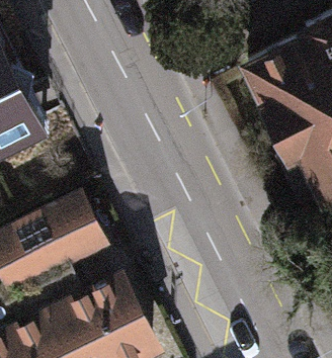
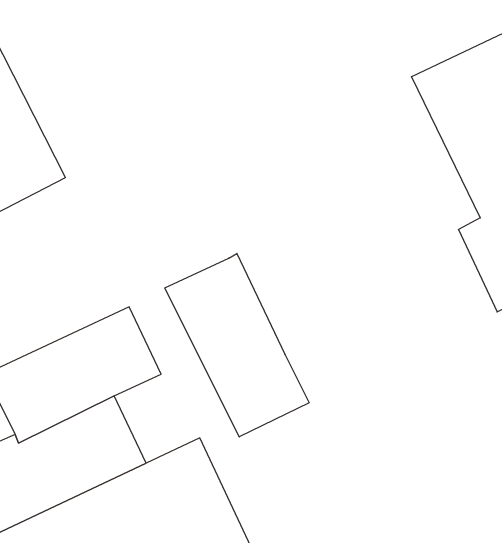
building: none -> [165,253,309,437]

